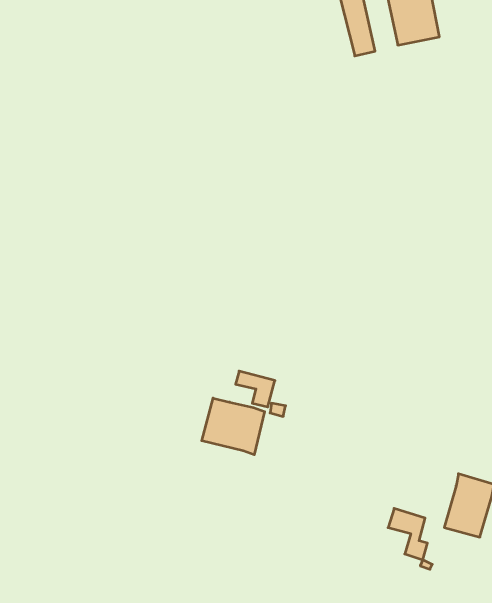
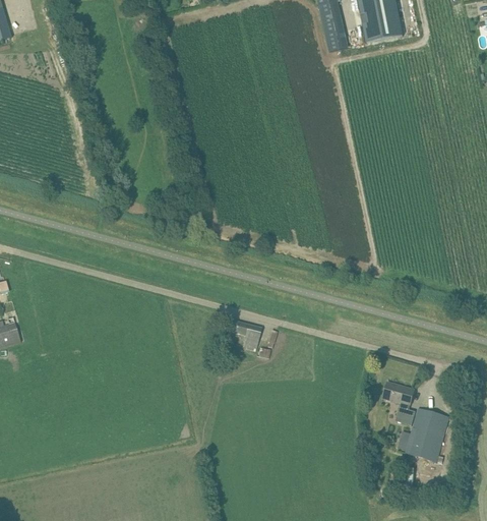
building: [202,398,265,455] -> none
building: [388,508,427,560] -> [381,381,415,424]

